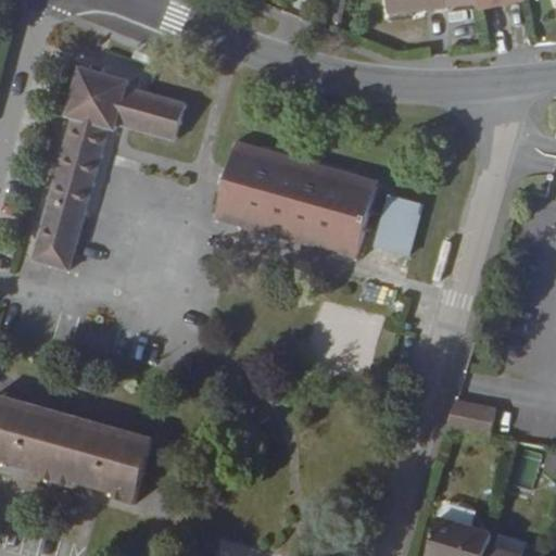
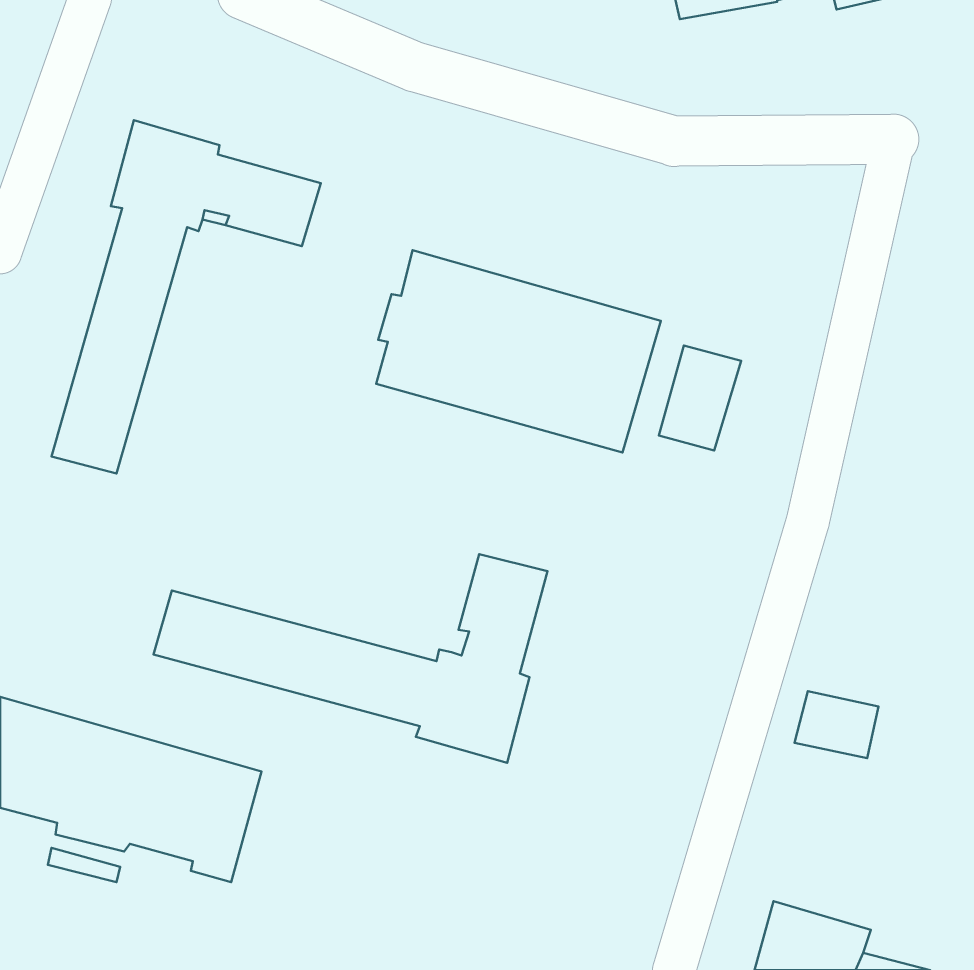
building: none -> [153,554,548,763]

